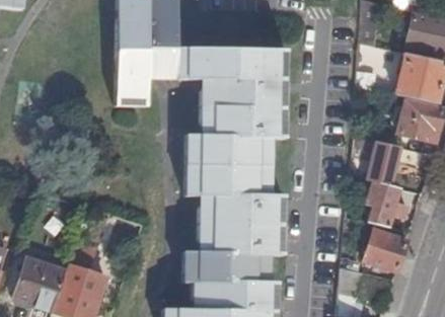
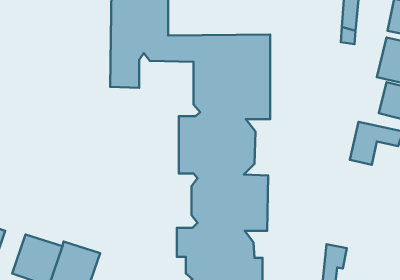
building: [365,181,407,226] -> none
building: [363,229,407,271] -> none

